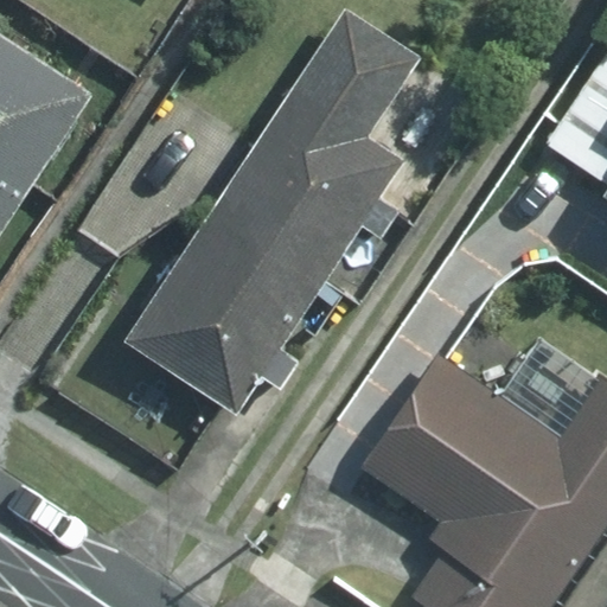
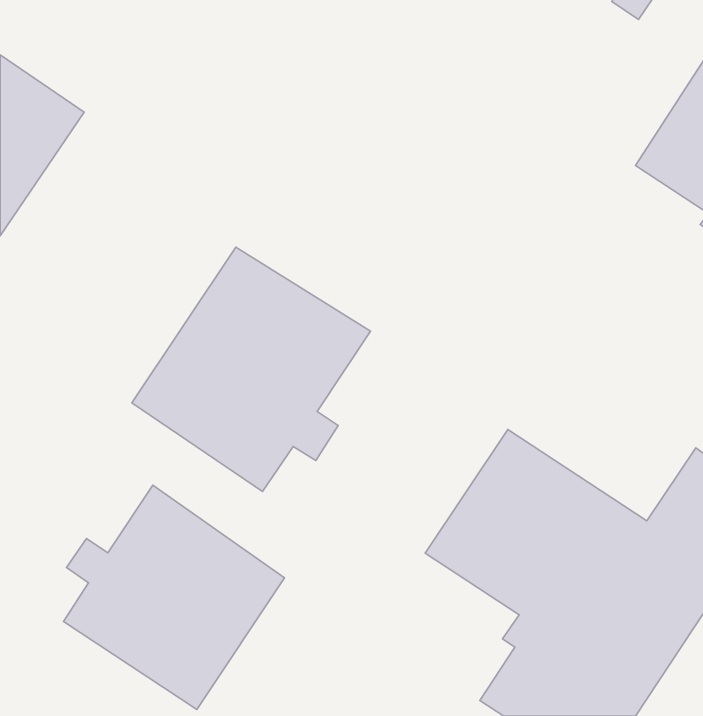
building: [211,13,416,280] -> none
building: none -> [63,485,285,709]

